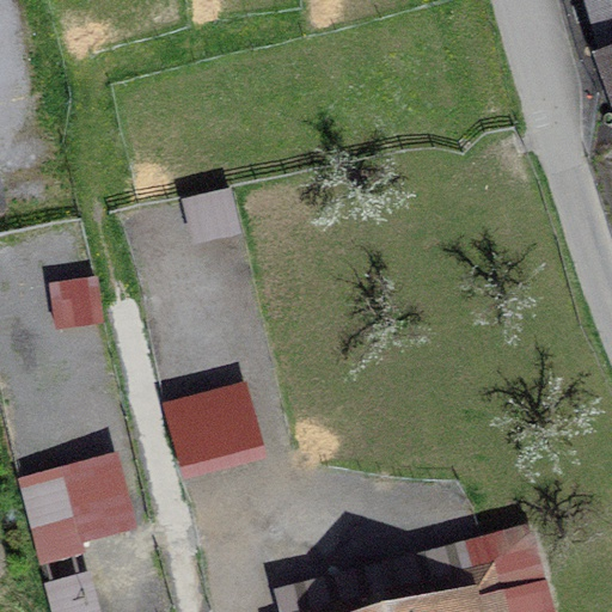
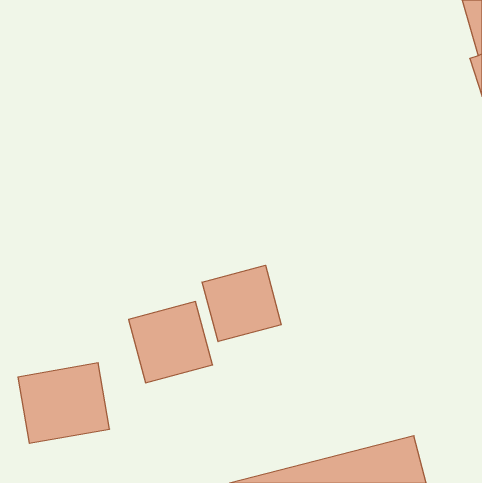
building: none -> [202,265,281,342]

